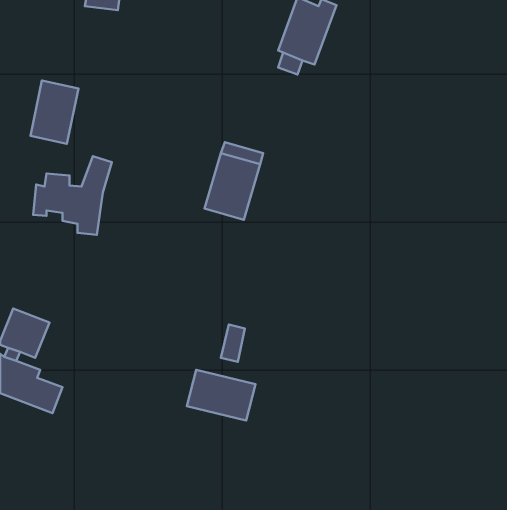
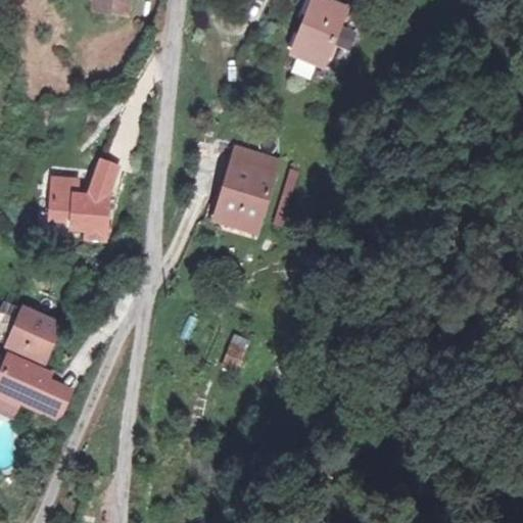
building: [30,81,78,144] -> none
building: [187,370,255,421] -> none

